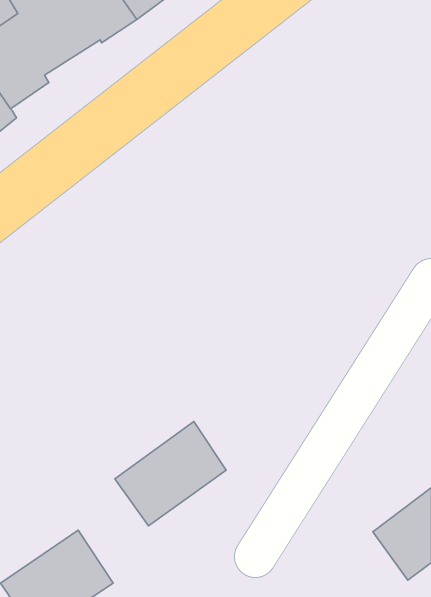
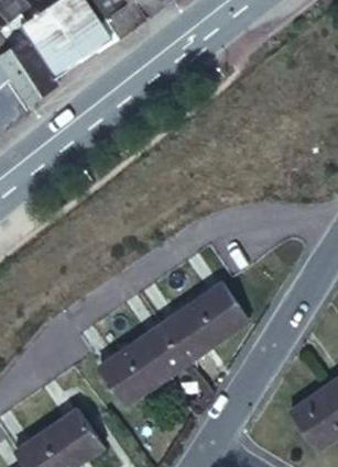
building: none -> [159,286,242,363]

